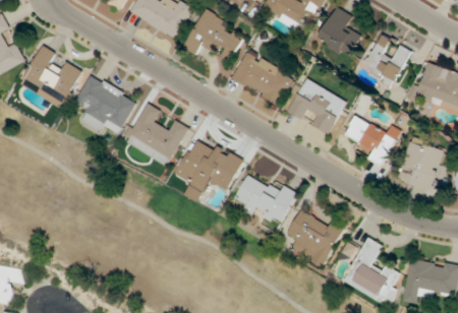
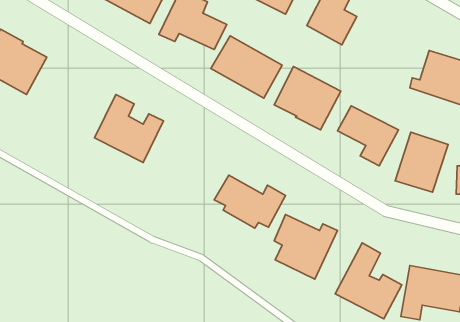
building: [361,34,411,86] -> none
building: [74,73,137,134] -> none
building: [185,137,242,190] -> none

